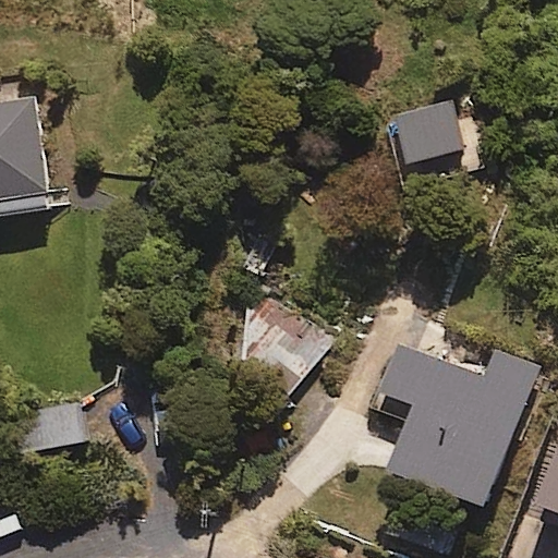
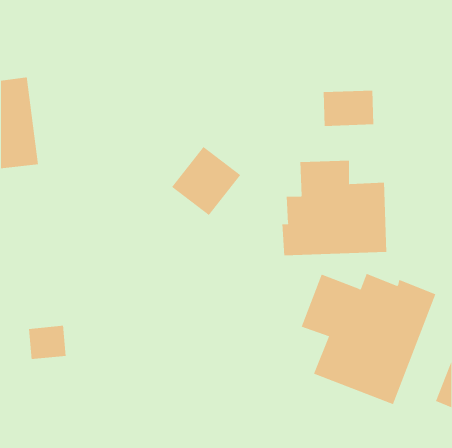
building: none -> [282,160,387,256]
building: [245,306,331,392] -> [171,146,241,216]

